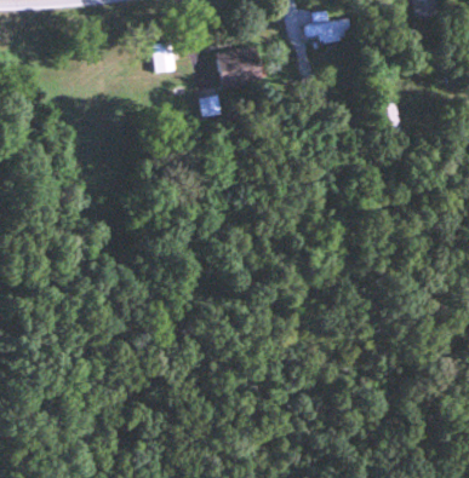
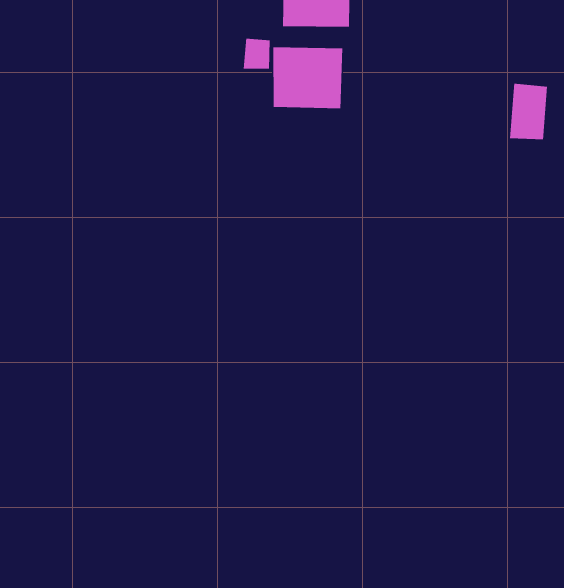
building: none -> [273,46,343,109]

